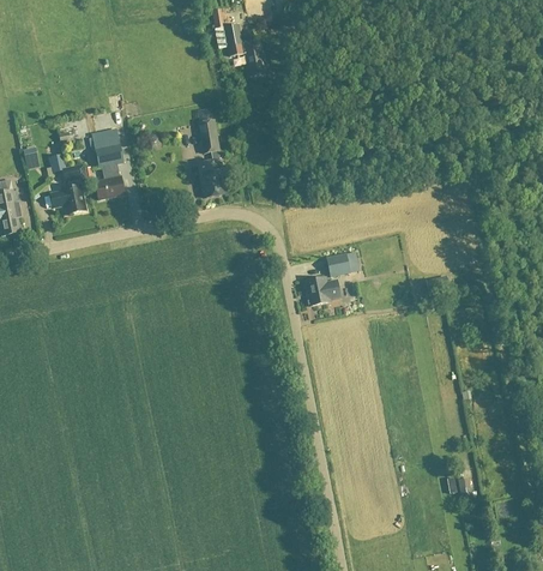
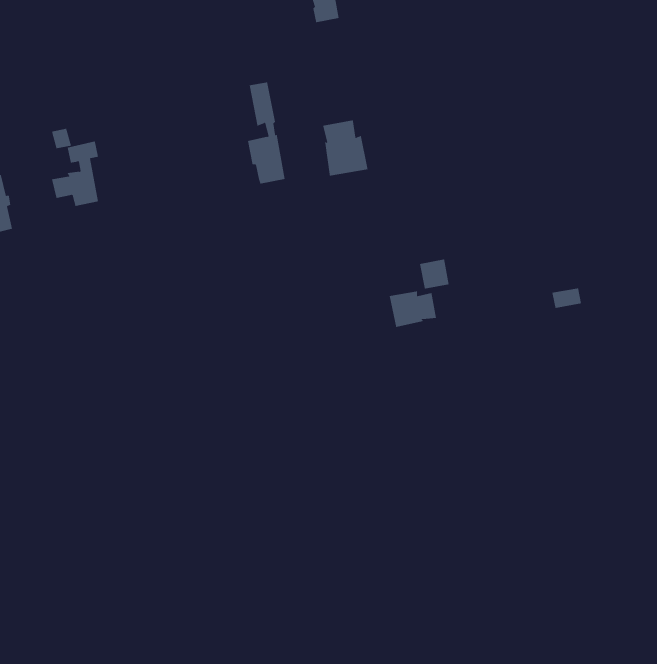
building: [92,131,123,198] -> none
building: none -> [322,119,368,176]

